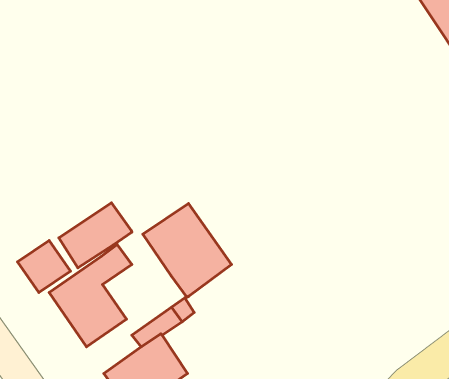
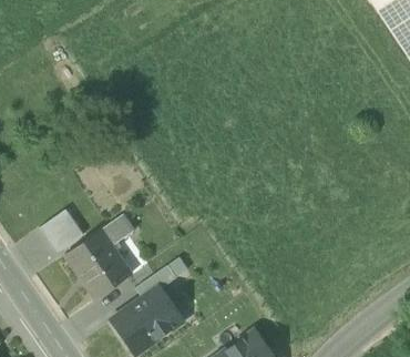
building: [59,203,132,268] -> none
building: [143,203,232,297] -> none

